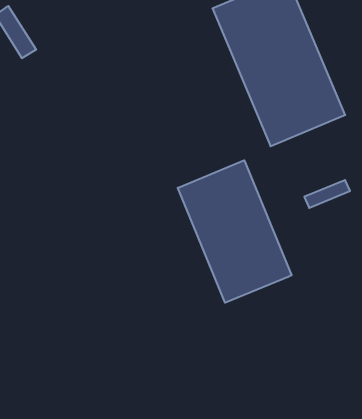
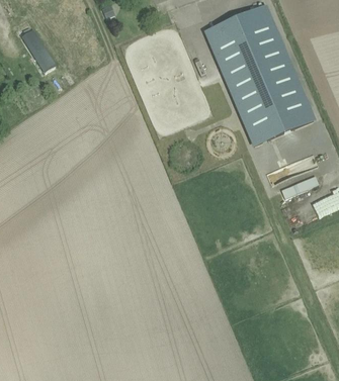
building: [178,160,292,303] -> none

